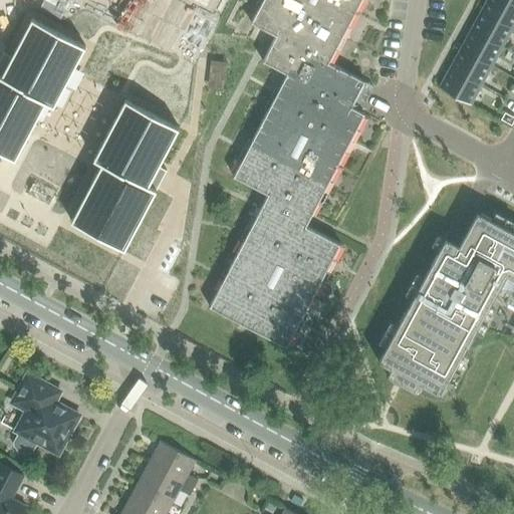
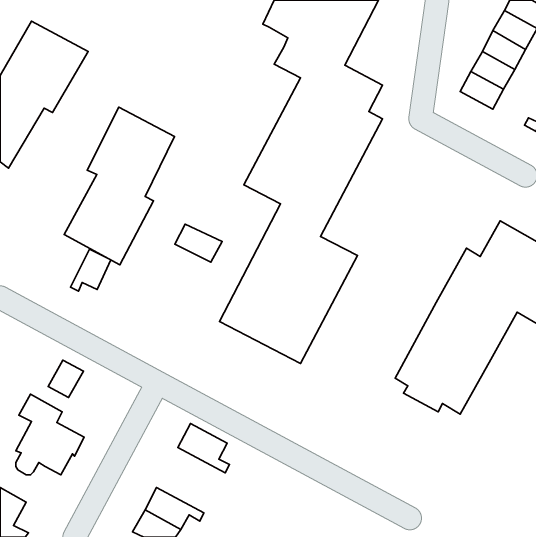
building: none -> [175,224,222,262]
building: none -> [70,249,111,291]
building: none -> [48,360,83,397]
building: [151,443,200,490] -> [178,423,229,473]

